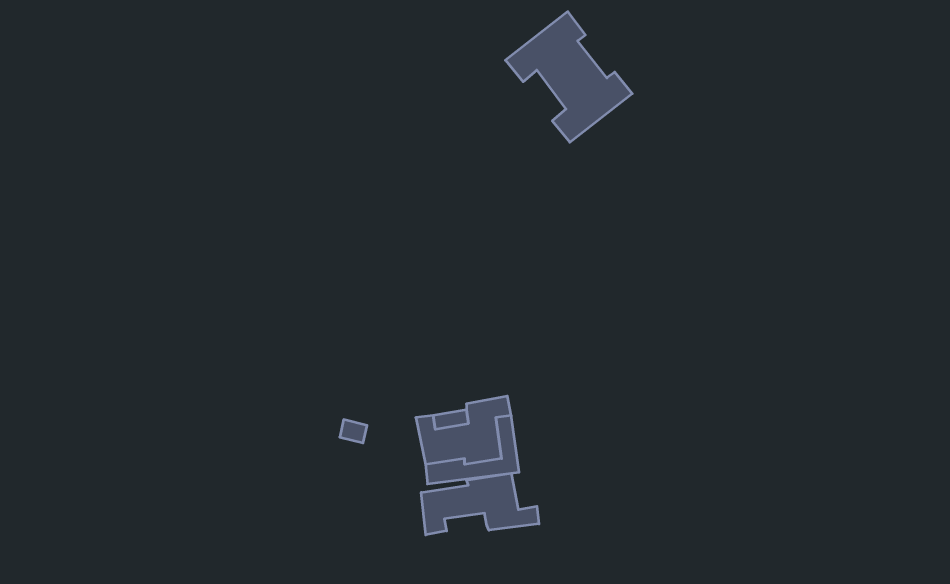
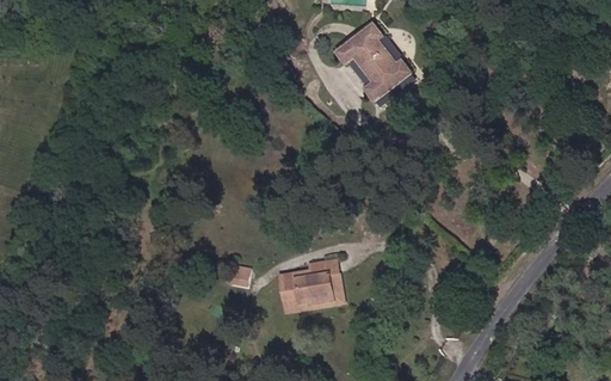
building: [421,473,539,535] -> none

